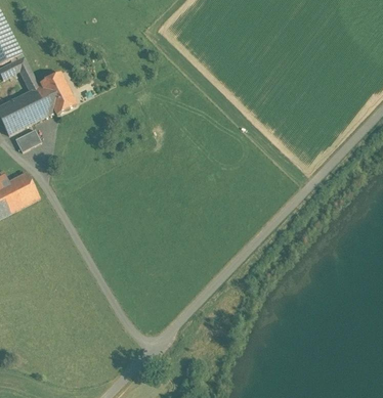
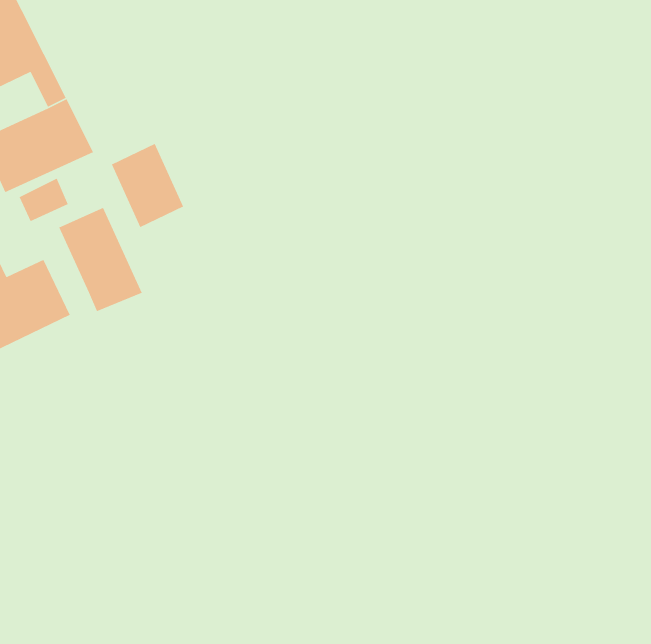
building: [39,71,78,116] -> [111,143,184,228]
building: none -> [58,207,143,312]

